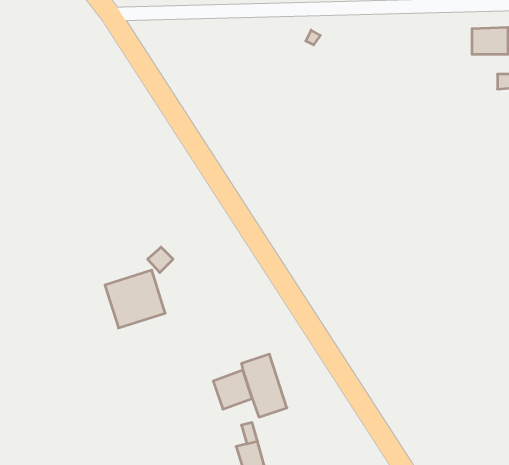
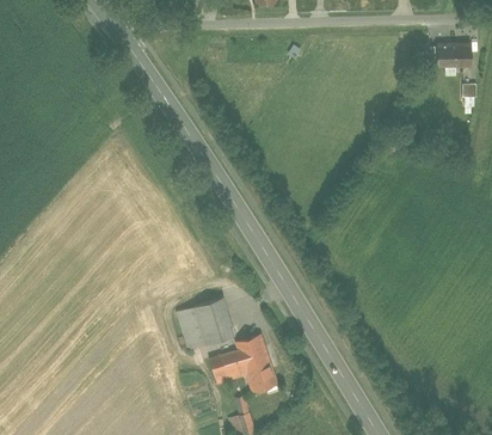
building: [105,270,165,328] -> [179,298,233,349]

